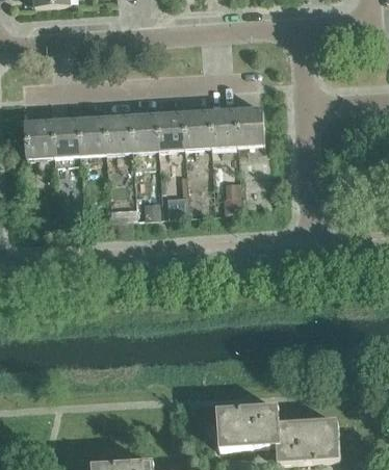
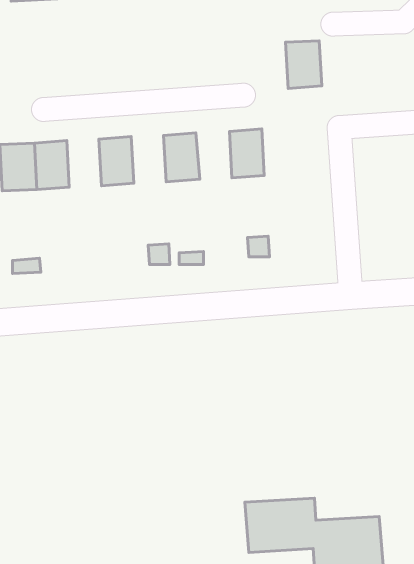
building: [235,107,264,146] -> [286,41,322,89]
building: [182,110,211,149] -> none
building: [130,113,158,152] -> none
building: [78,116,106,155] -> none

